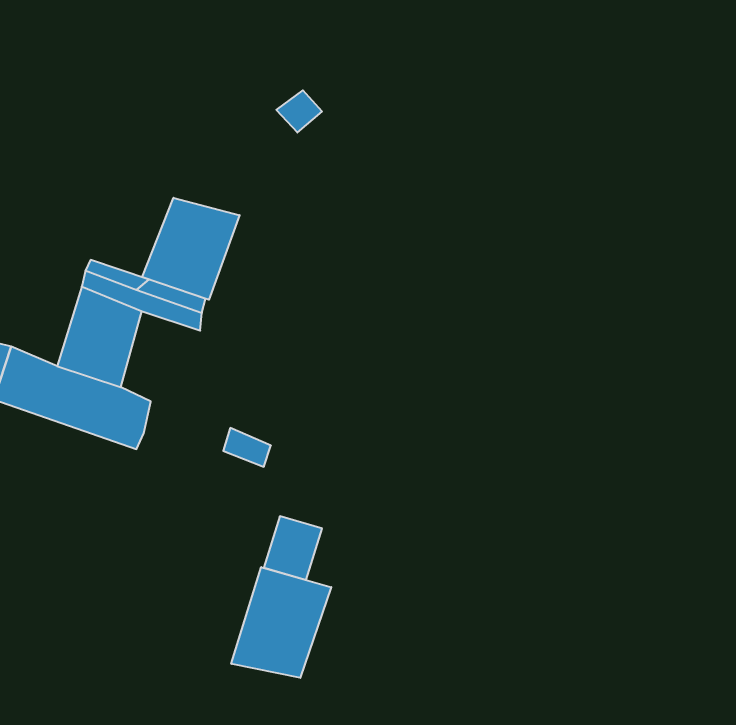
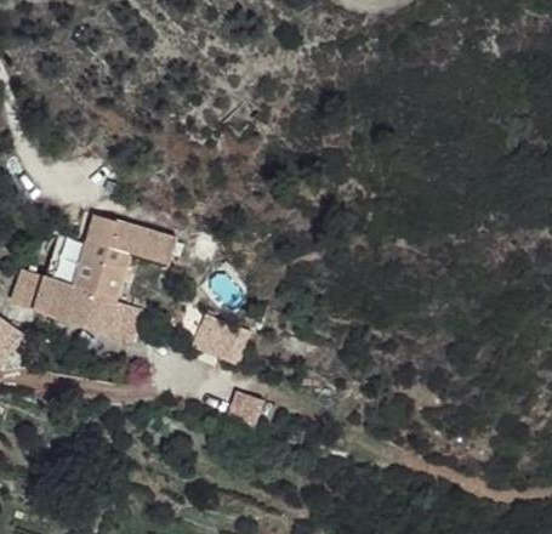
building: [142,198,240,300] -> none
building: [231,567,331,678] -> none

